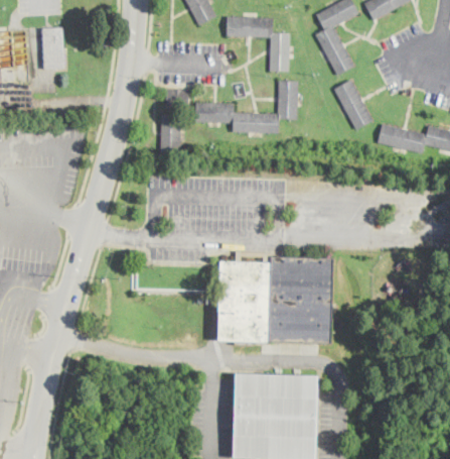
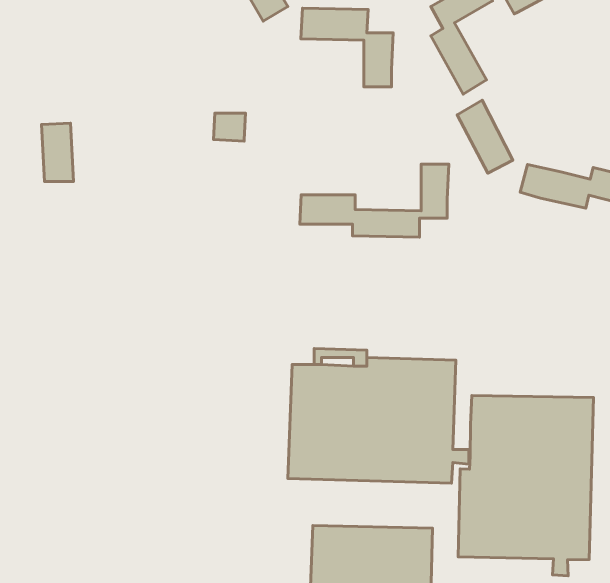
building: [42,28,64,69] -> [41,123,74,182]
building: [195,82,298,132] -> [300,164,449,237]
building: [161,116,180,153] -> none
building: none -> [458,396,594,576]

